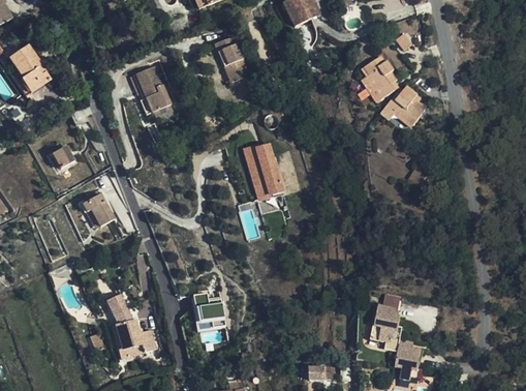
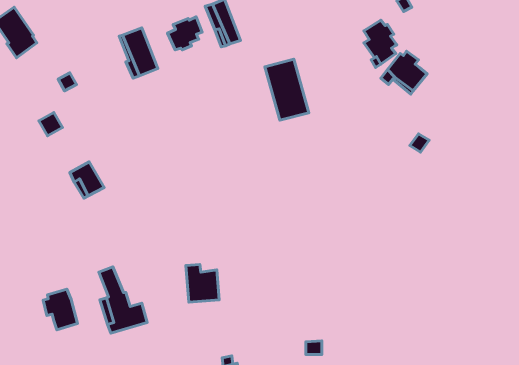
building: none -> [167,17,202,50]
building: [243,139,285,198] -> [265,59,309,120]
building: [372,305,422,380] -> none
building: none -> [43,289,78,330]

